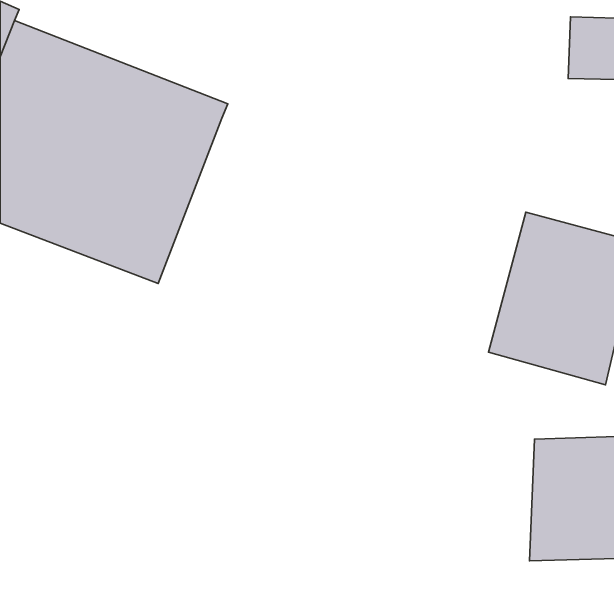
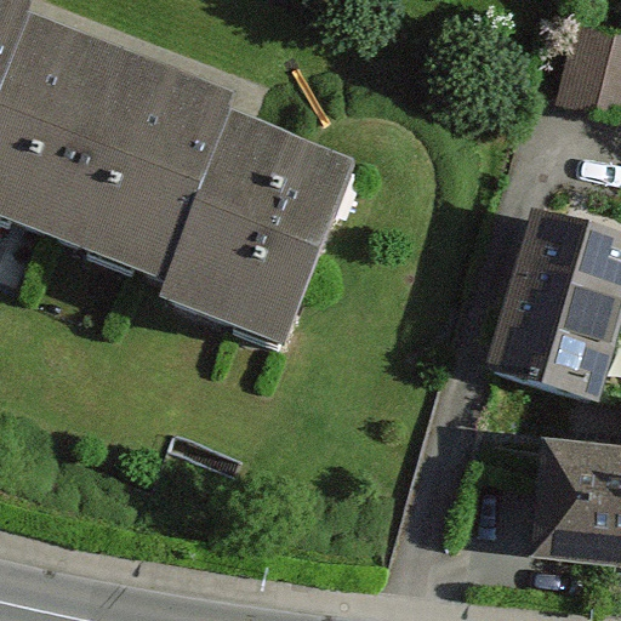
building: none -> [154,119,353,352]

